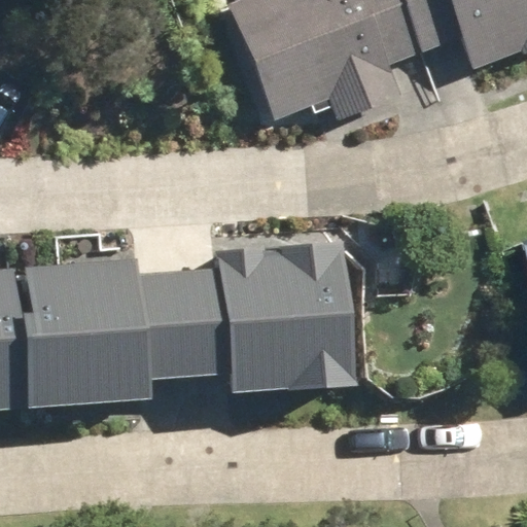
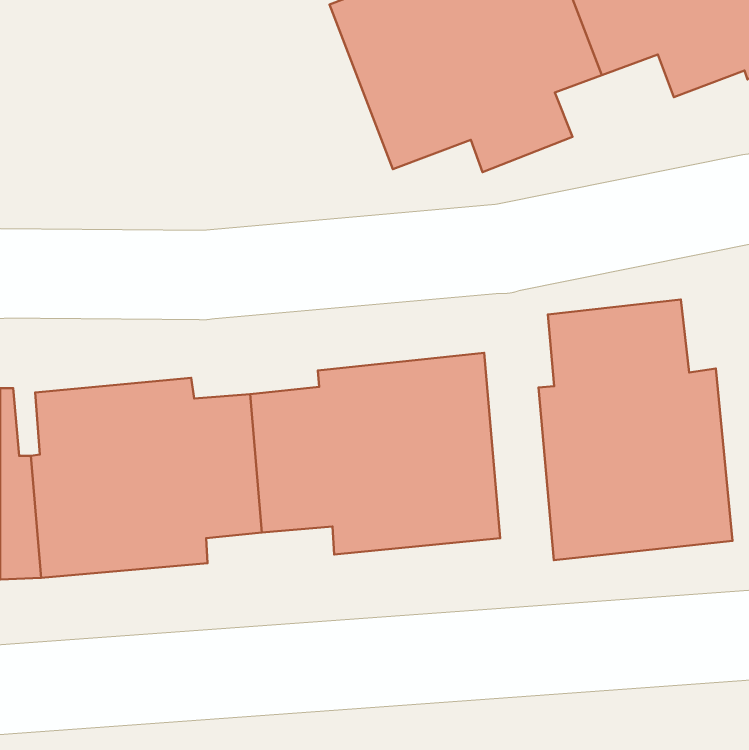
building: none -> [539,300,733,560]

